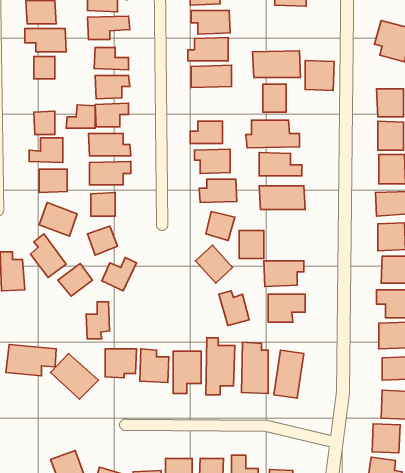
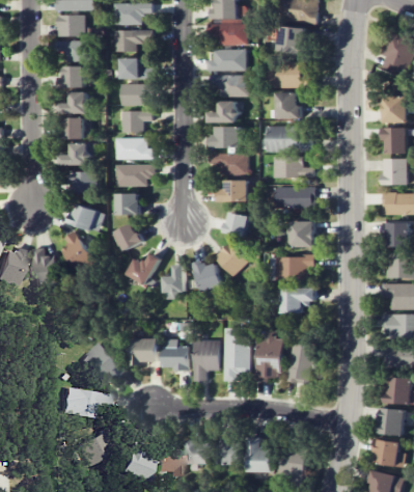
building: [305,60,334,91] -> [279,26,306,54]
building: none -> [208,101,238,122]
building: [66,105,95,128] -> [60,91,87,113]
building: [239,231,264,258] -> [292,221,314,247]
building: [58,264,92,296] -> none
building: [219,291,249,325] -> [195,259,223,292]
building: [86,302,110,339] -> [164,265,186,299]
building: [6,344,56,376] -> [61,388,108,417]

